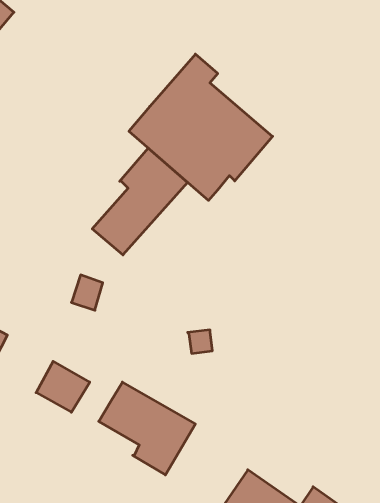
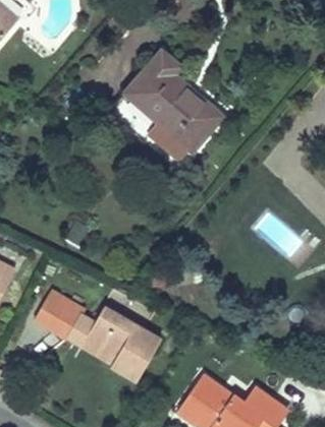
building: [92,148,188,255] -> none
building: none -> [35,306,95,345]

